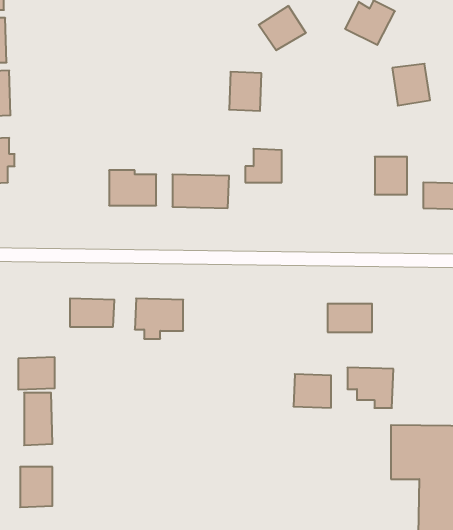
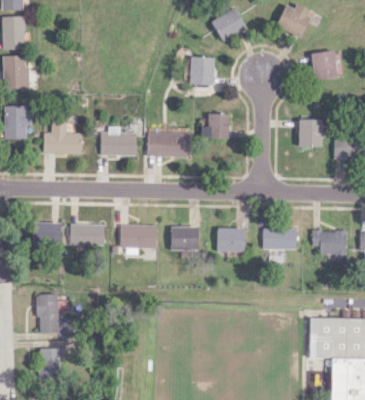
building: none -> [43,121,82,154]
building: none -> [172,226,199,250]
building: [18,357,55,390] -> [34,222,61,246]
building: [347,368,393,408] -> [313,230,347,260]
building: [293,374,331,408] -> [217,227,245,252]

